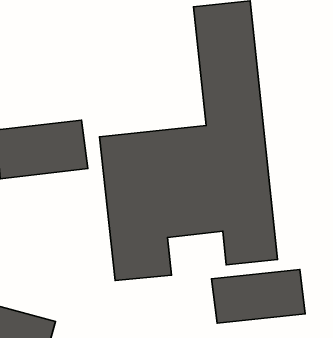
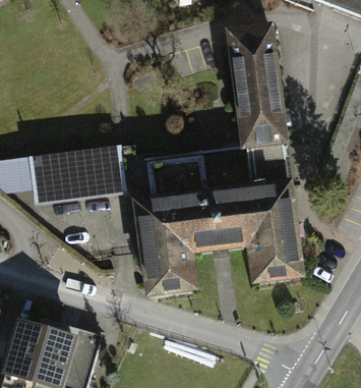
building: [212,269,305,323] -> none

